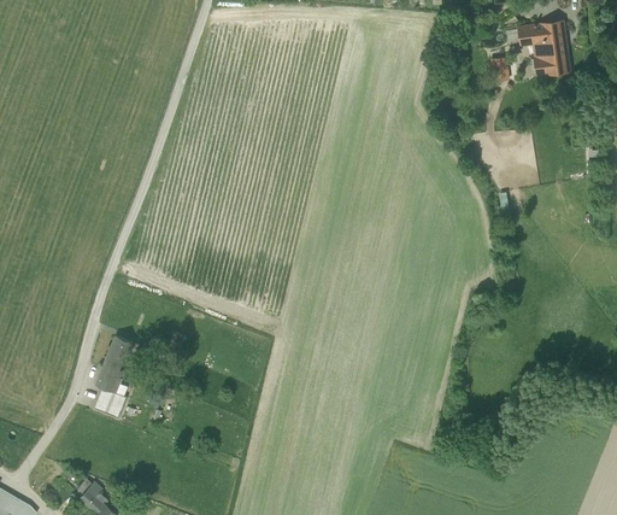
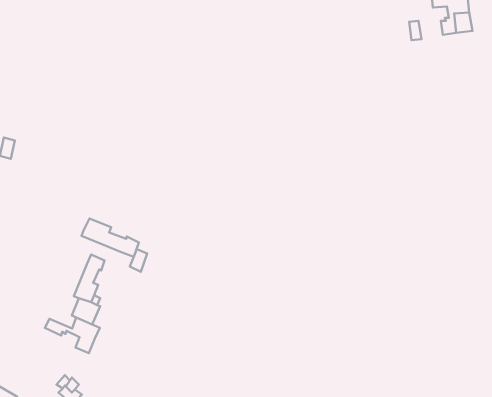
building: none -> [81,219,139,257]
building: none -> [45,318,100,353]

